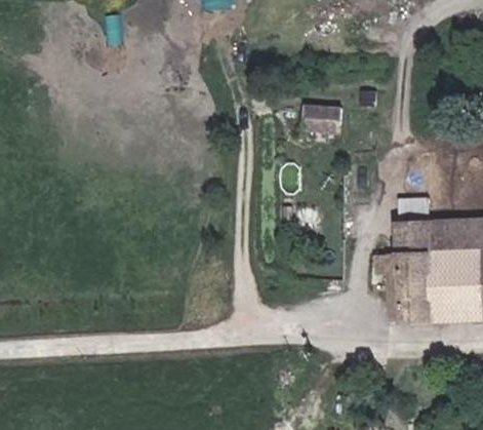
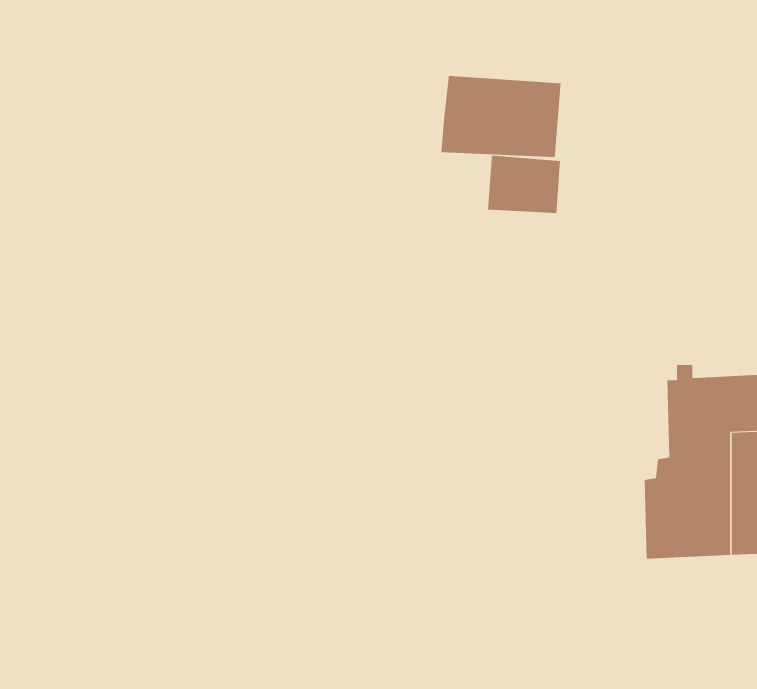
building: none -> [441,75,561,158]

